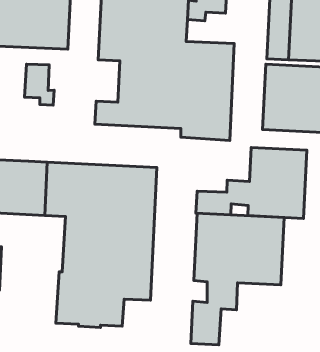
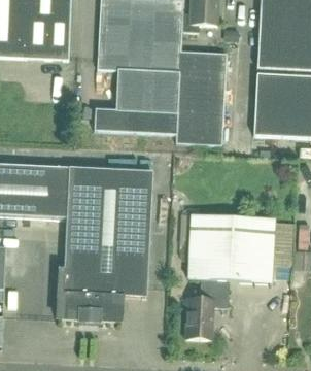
building: [25,64,54,105] -> none
building: [196,147,307,218] -> none

